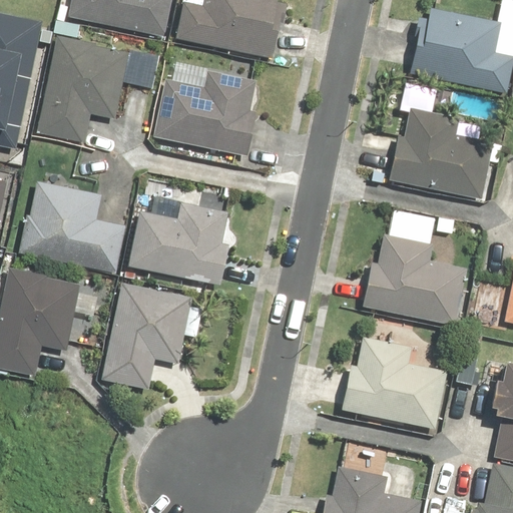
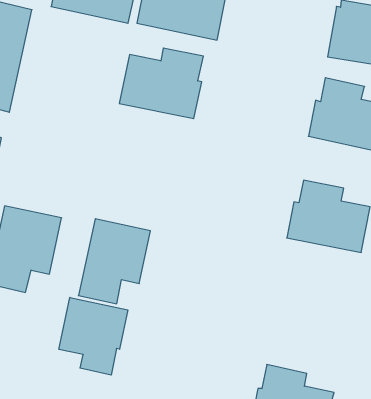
building: [36,35,129,142] -> none
building: [18,180,124,273] -> none
building: [127,200,229,286] -> none
building: [341,336,446,429] -> none
building: none -> [59,297,128,375]

